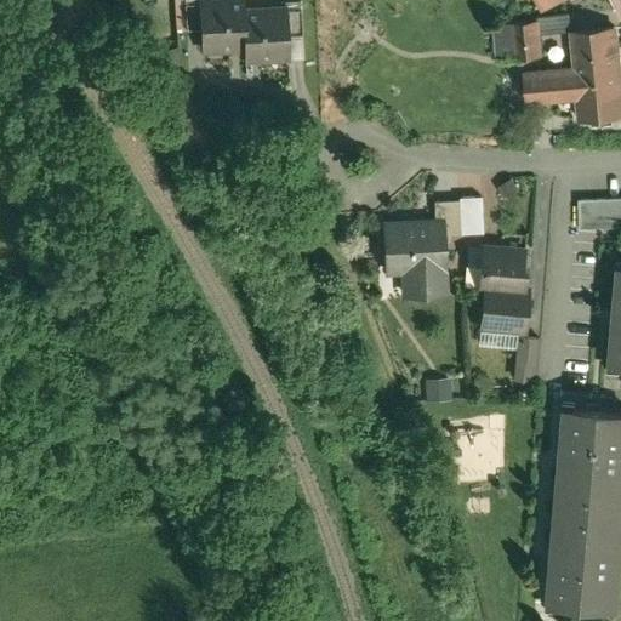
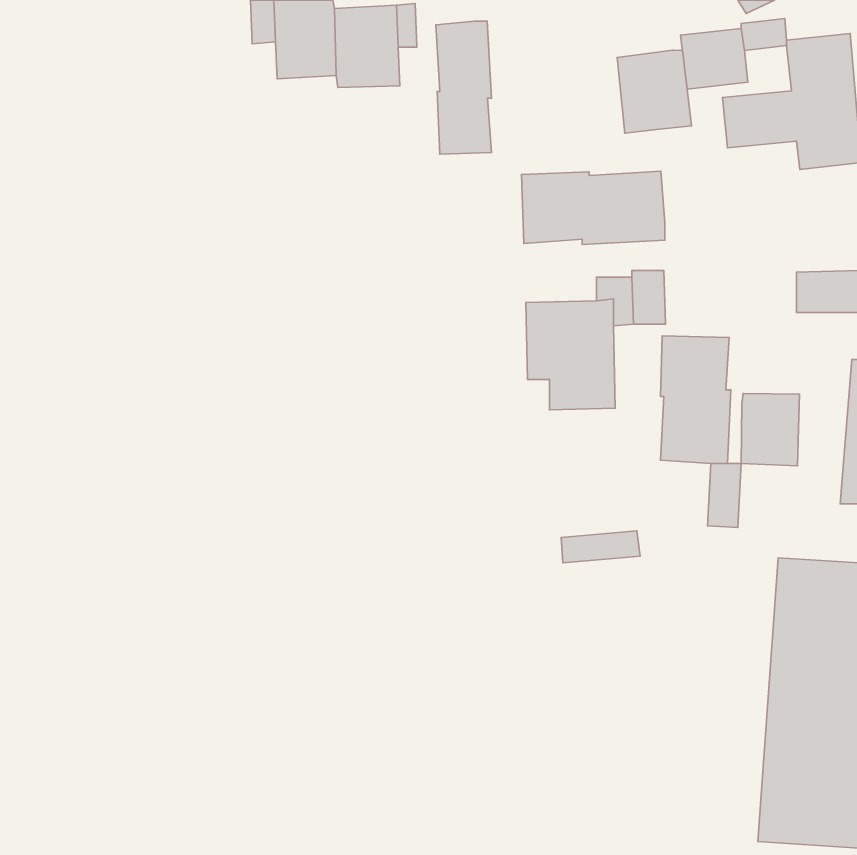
building: none -> [436,21,492,154]
building: none -> [617,50,692,133]
building: none -> [522,171,665,244]
building: none -> [741,393,799,466]

